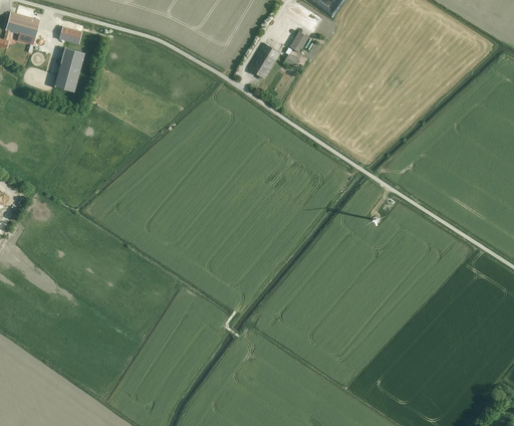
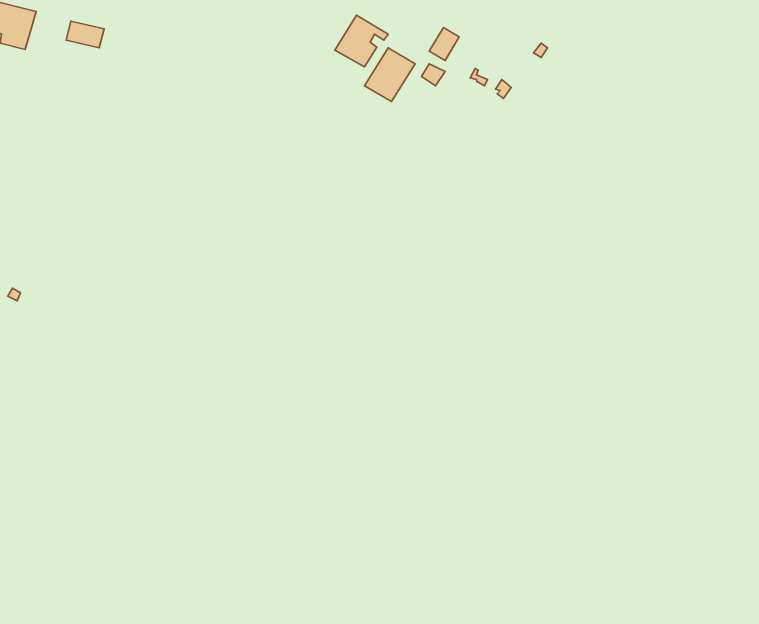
building: none -> [335,15,388,67]
building: [54,48,84,91] -> none

